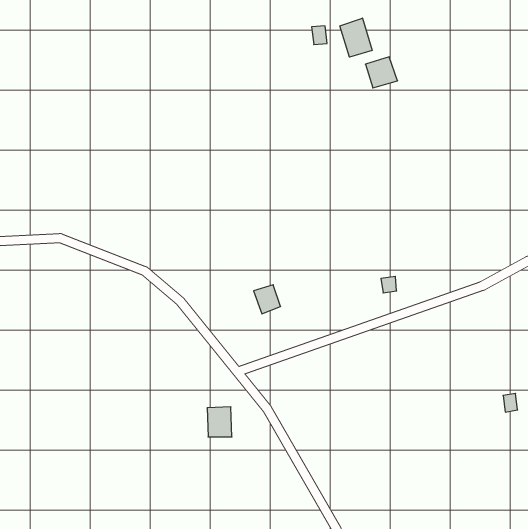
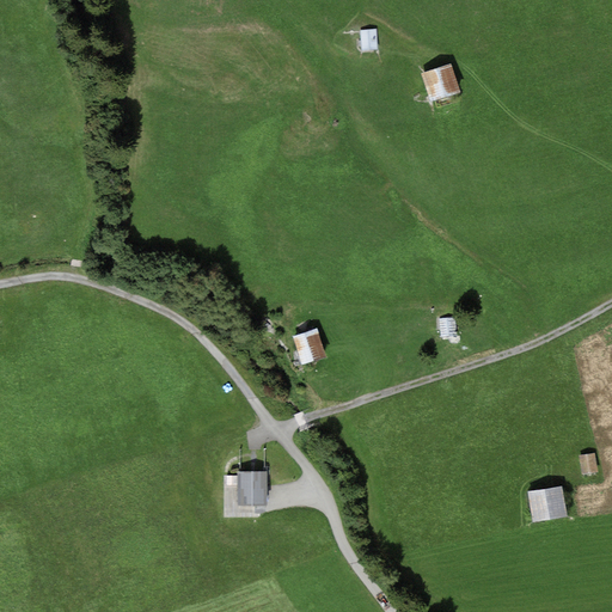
building: [340,18,372,57] -> none
building: none -> [530,486,567,520]

